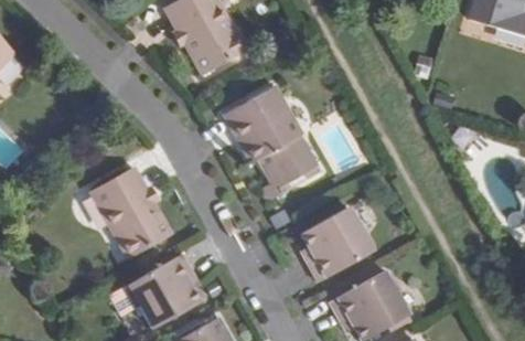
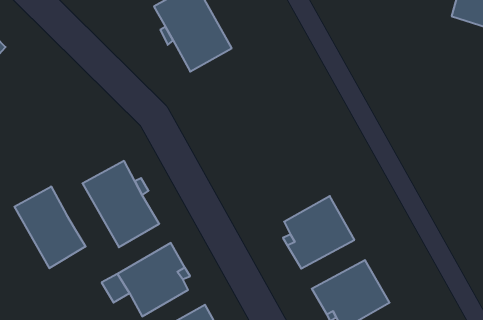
building: [223,85,310,201] -> none
building: none -> [14,186,86,268]

